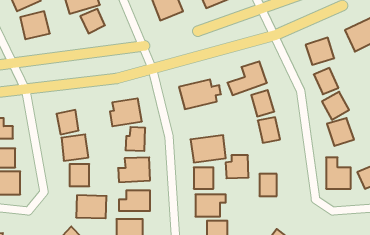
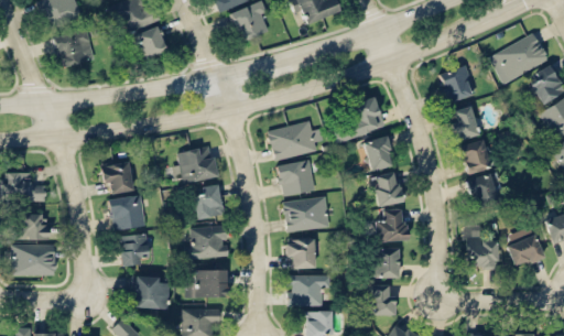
building: none -> [276,160,314,196]
building: [226,155,249,178] -> [375,210,405,241]
building: none -> [370,285,393,314]

